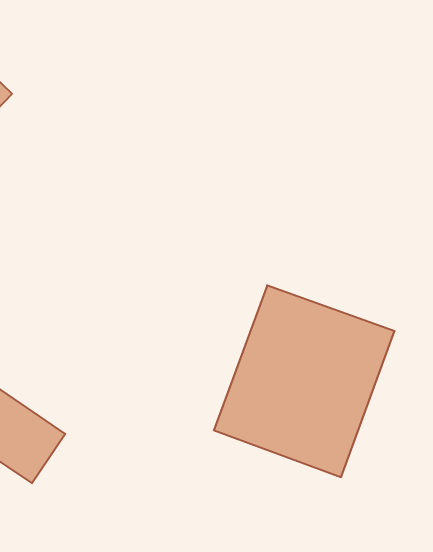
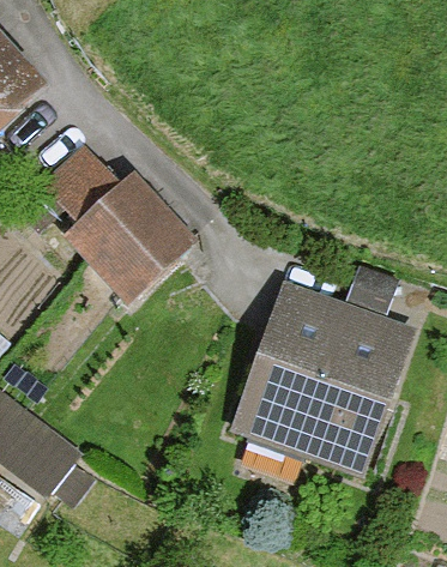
building: none -> [42,139,194,303]

